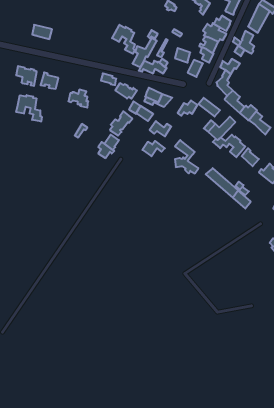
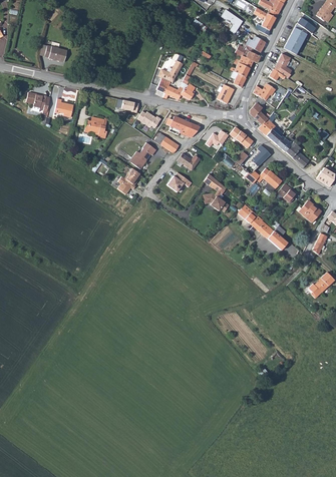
building: [112,25,135,54] -> none
building: [16,95,42,122] -> none

